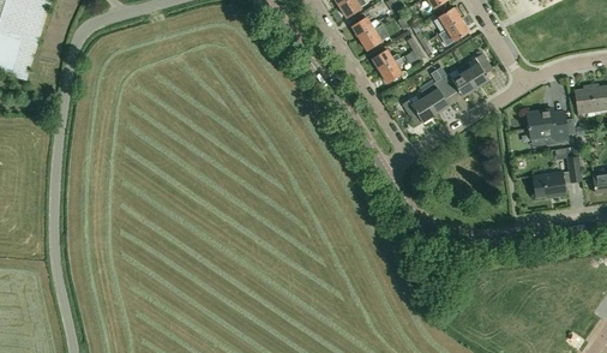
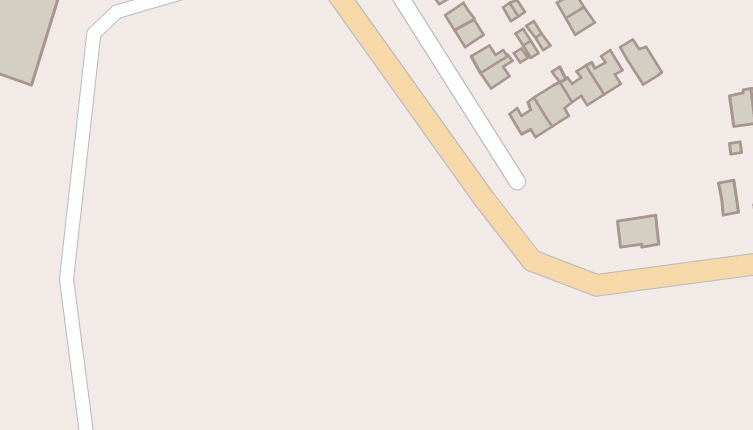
building: none -> [620,40,662,85]
building: [527,107,567,140] -> none
building: [533,170,565,196] -> [617,215,659,247]

